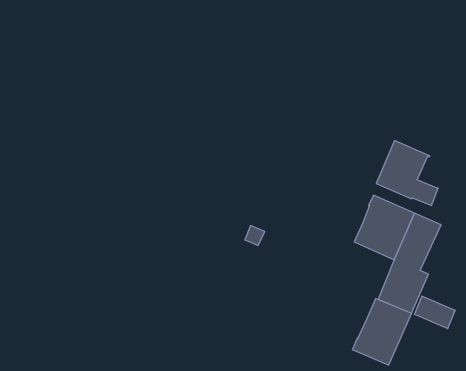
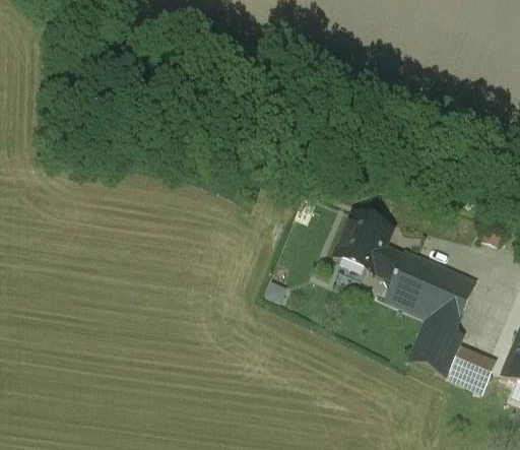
building: [376,141,438,205] -> [333,209,399,278]
building: [352,298,411,365] -> none

